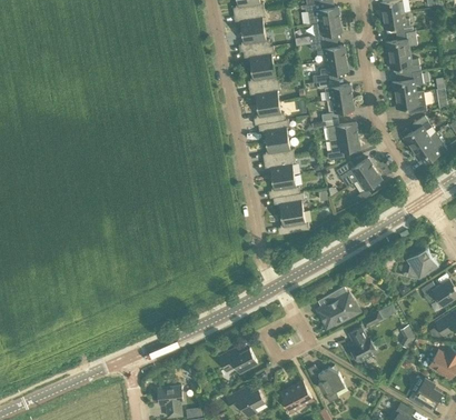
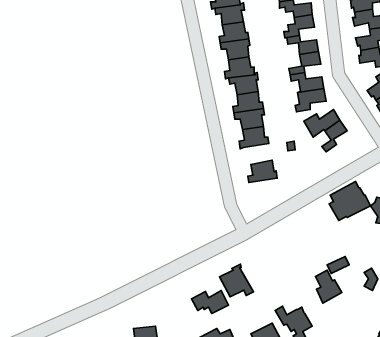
building: [272,192,304,216] -> none
building: [316,287,359,328] -> [329,181,370,221]
building: none -> [220,264,253,297]

